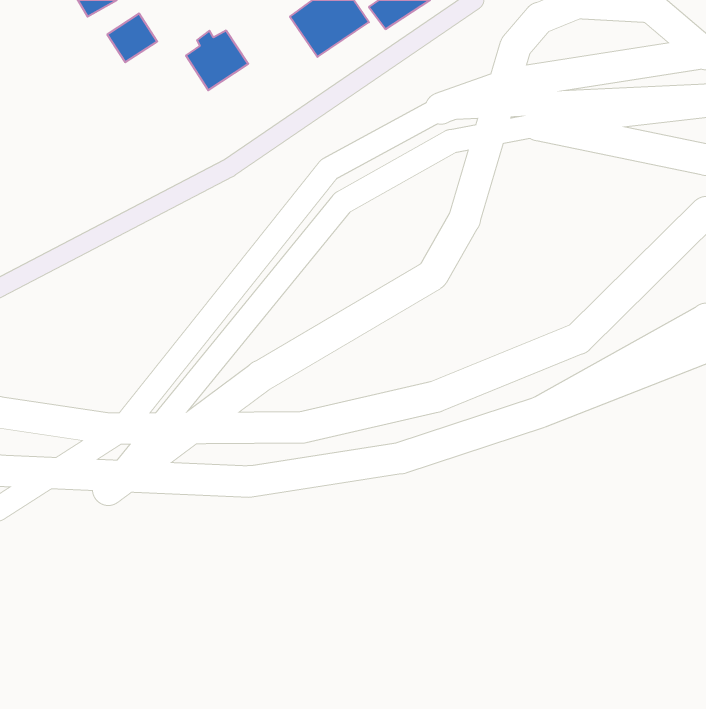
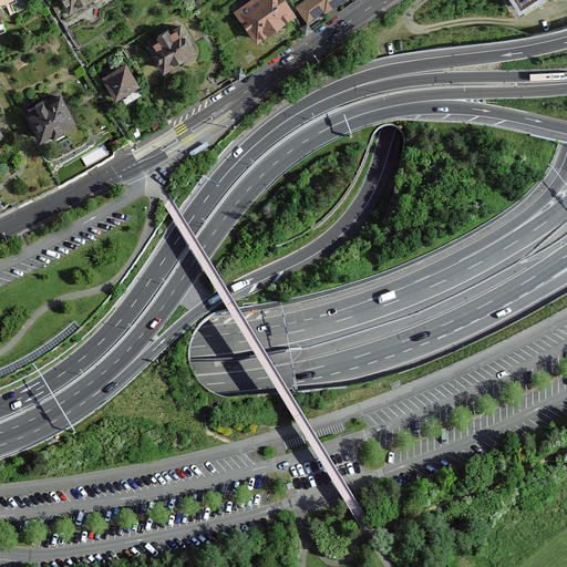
building: [107,14,157,62] -> [102,61,142,100]
building: none -> [23,94,76,143]

